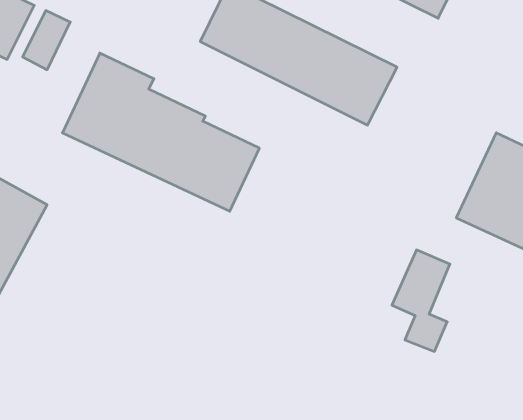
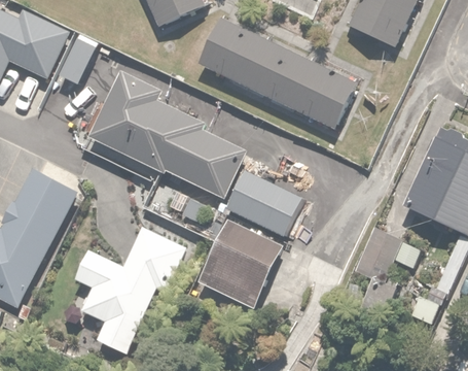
building: none -> [228,171,302,235]
building: none -> [197,220,285,308]
building: none -> [73,226,187,356]

